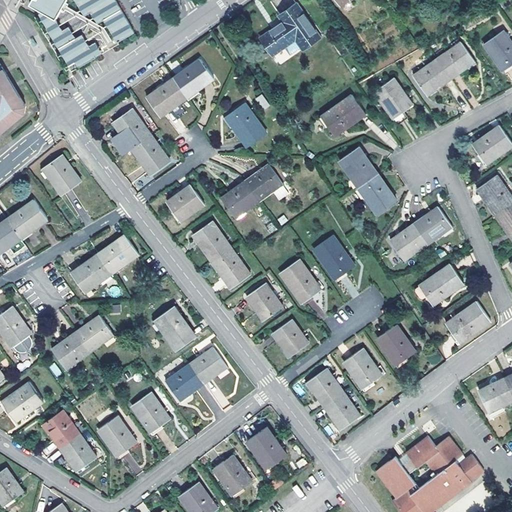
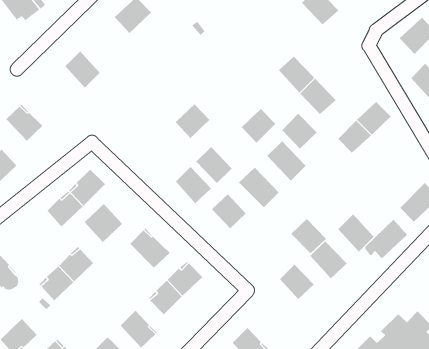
building: [146,78,187,118] -> none
building: [321,95,365,136] -> none
building: [225,103,267,148] -> none
building: [131,135,170,176] -> none
building: [245,165,283,202] -> [241,108,276,144]
building: [166,185,204,222] -> none
building: none -> [282,113,317,149]
building: [193,221,231,262] -> [196,146,232,184]
building: [416,264,464,305] -> [365,219,408,259]
building: none -> [84,203,123,243]
building: [271,319,309,358] -> [290,218,327,254]
building: [324,393,361,430] -> none

